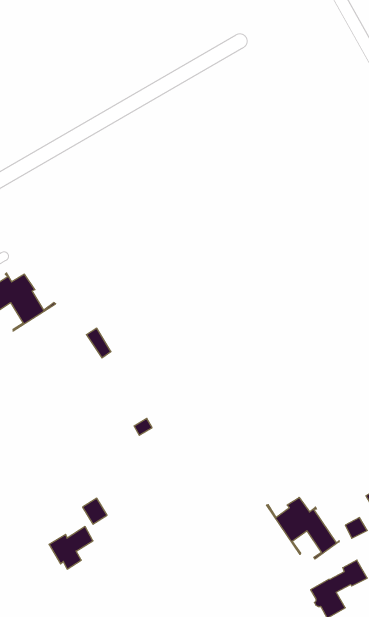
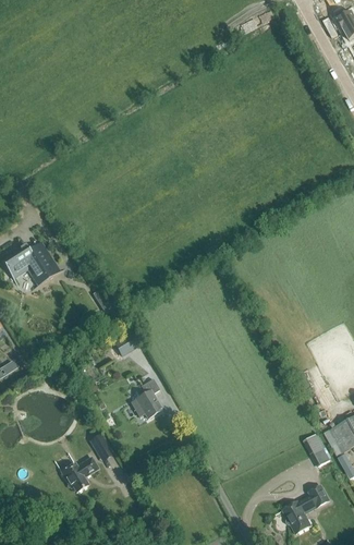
building: none -> [130,379,161,419]
building: [267,497,339,559] -> none

